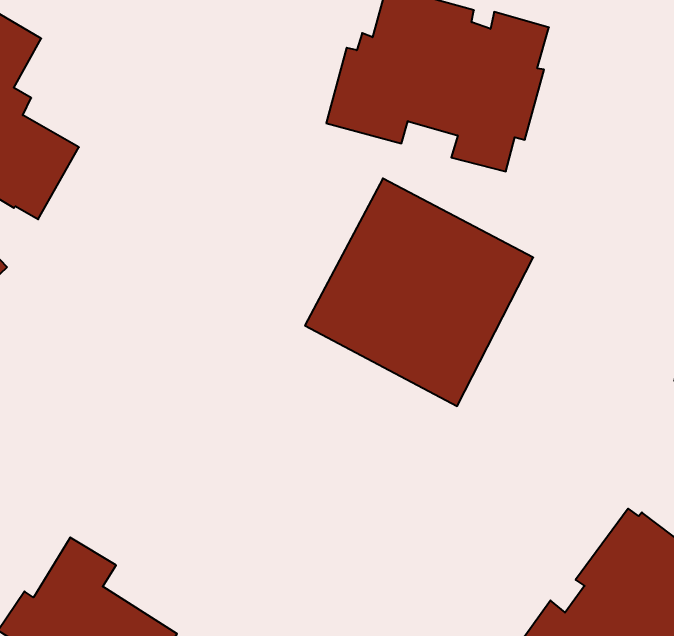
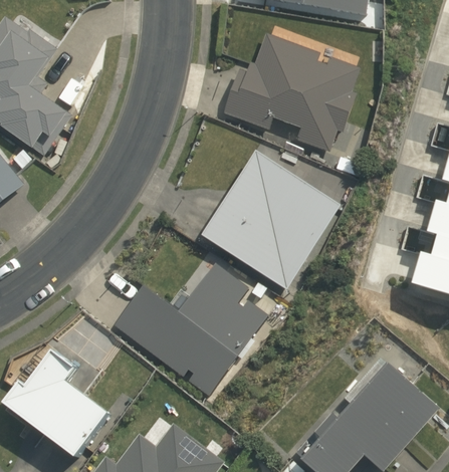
building: none -> [115,255,268,396]

